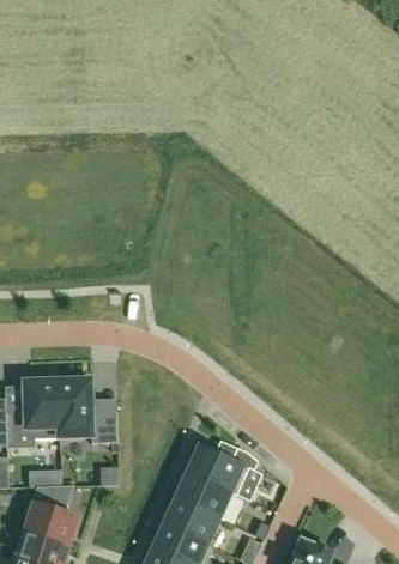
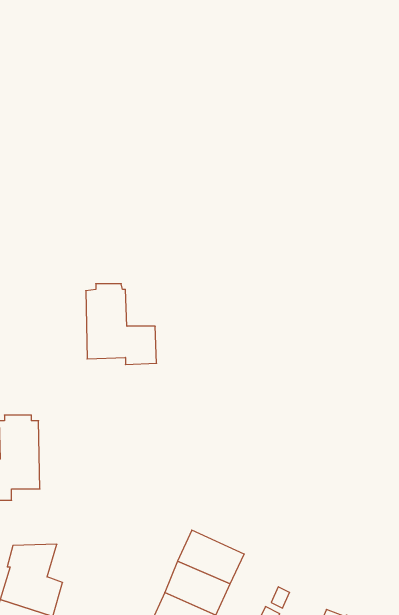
building: [56,375,116,443] -> [86,284,157,365]
building: [186,445,256,496] -> none

